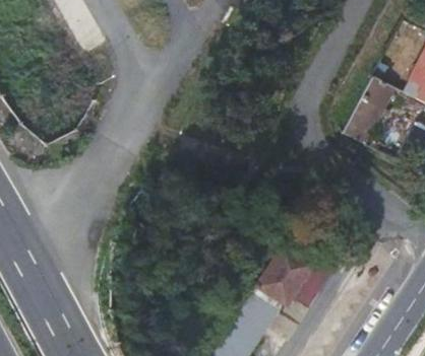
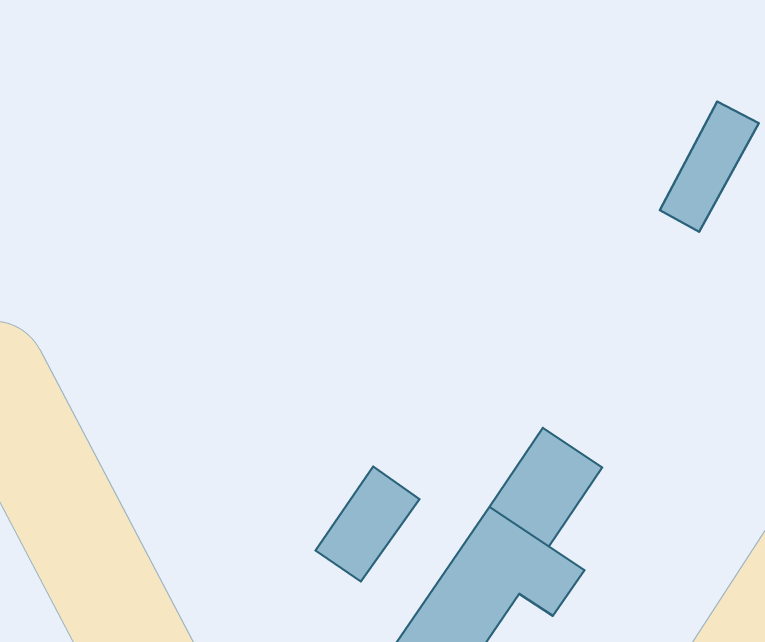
building: none -> [316,467,420,581]

